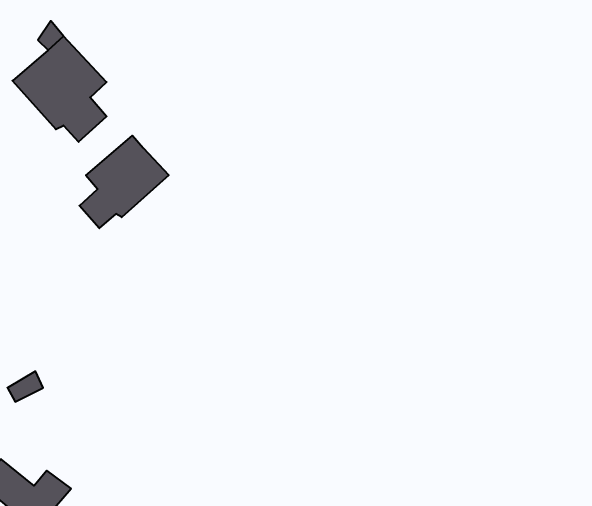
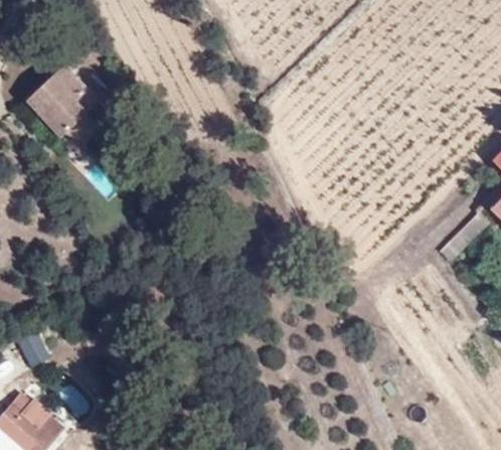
building: [79,136,169,228] -> none

